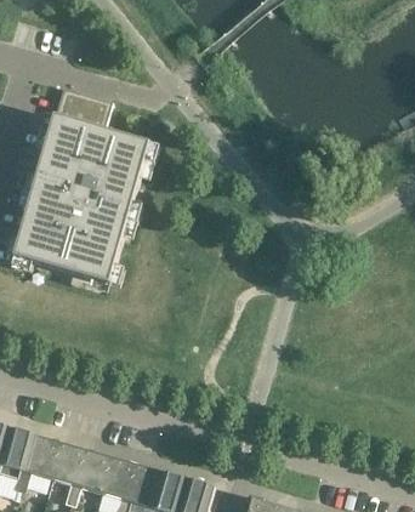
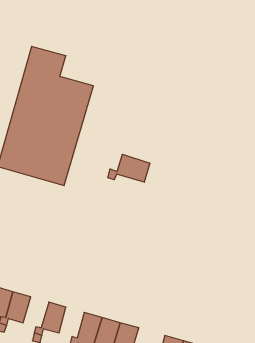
building: none -> [108,154,150,182]
building: [52,443,89,487] -> none
building: [103,457,138,501] -> none

